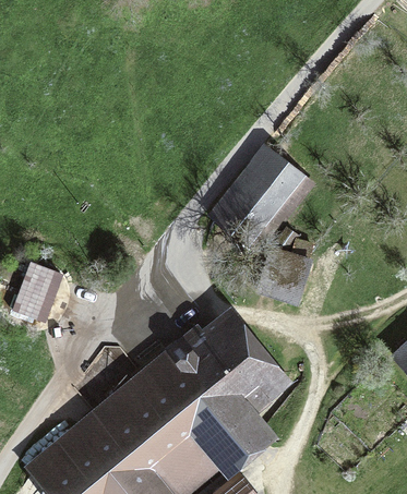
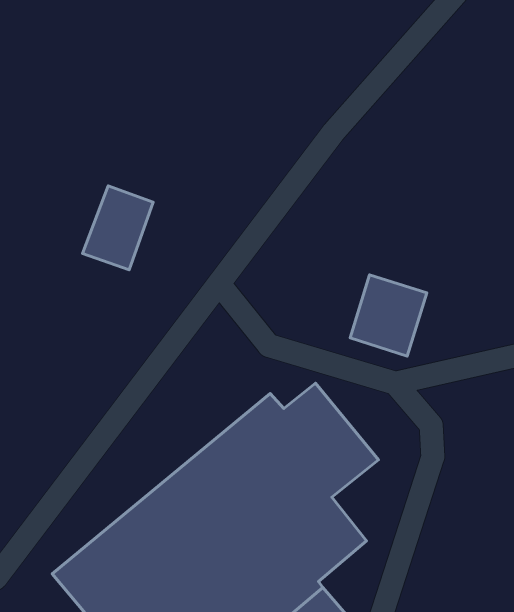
building: [206,143,312,254] -> none
building: [10,262,61,323] -> [83,186,153,270]

